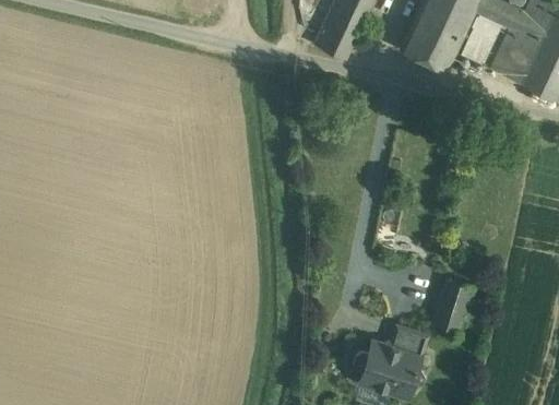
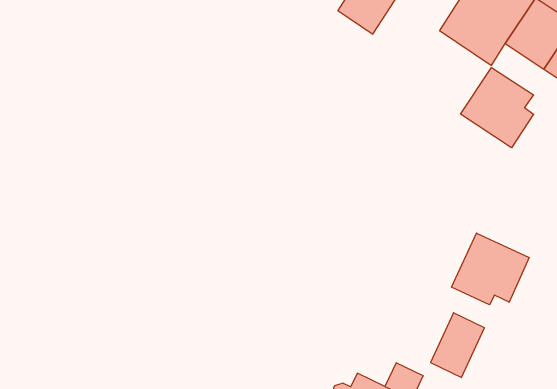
building: none -> [461,68,534,148]
building: none -> [452,233,529,305]

